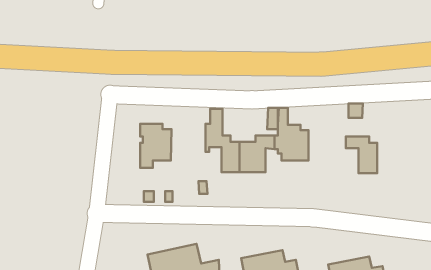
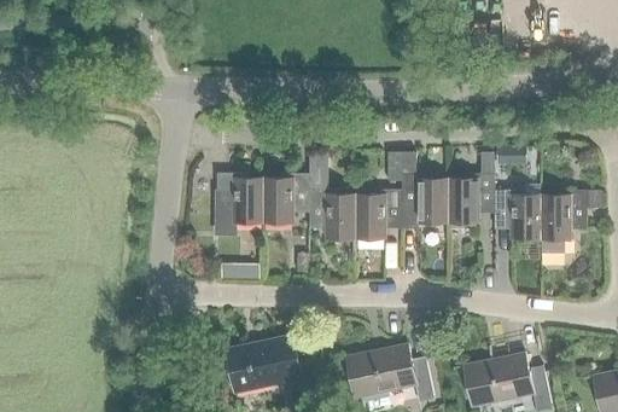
building: none -> [442,153,492,225]
building: none -> [256,174,303,224]
building: none -> [535,190,600,254]

